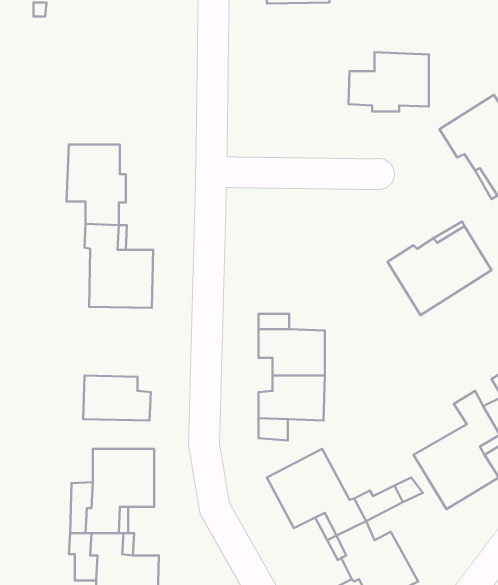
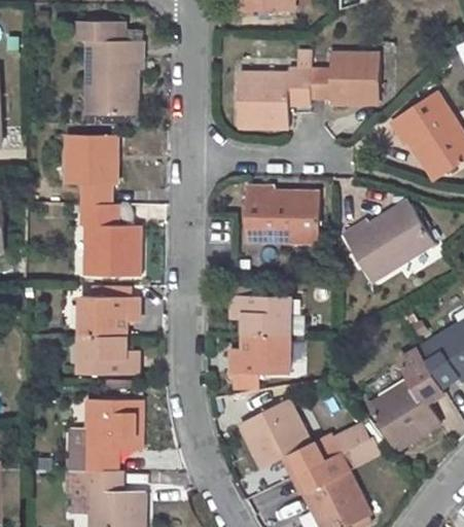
building: none -> [74,21,141,114]
building: none -> [238,70,311,128]
building: none -> [245,186,320,243]
building: none -> [80,295,139,336]

